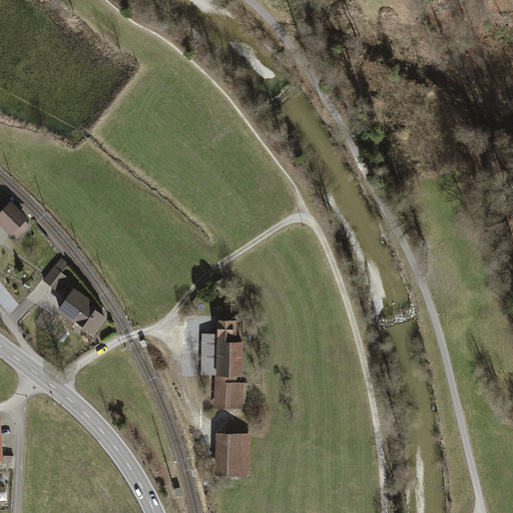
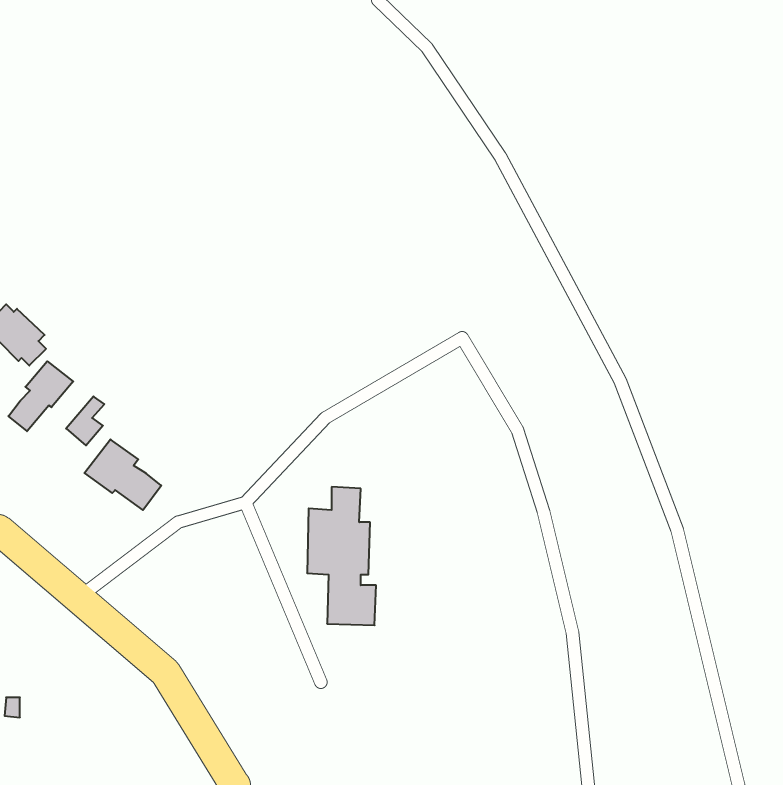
building: none -> [8,361,73,431]
building: [214,432,249,476] -> none

